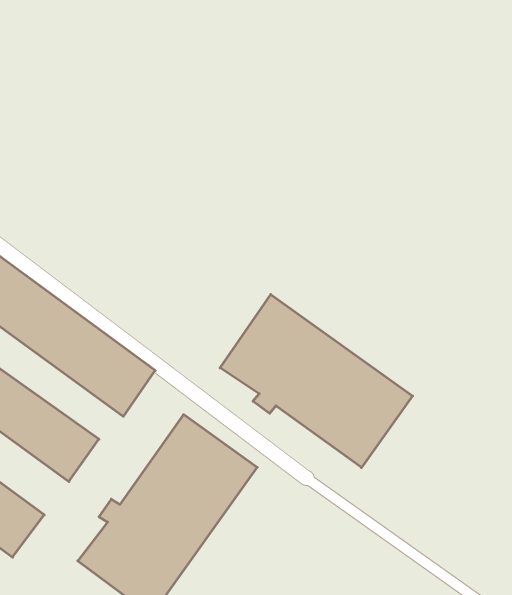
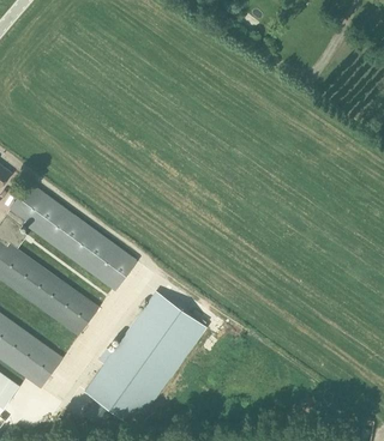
building: [220,294,413,468] -> none

